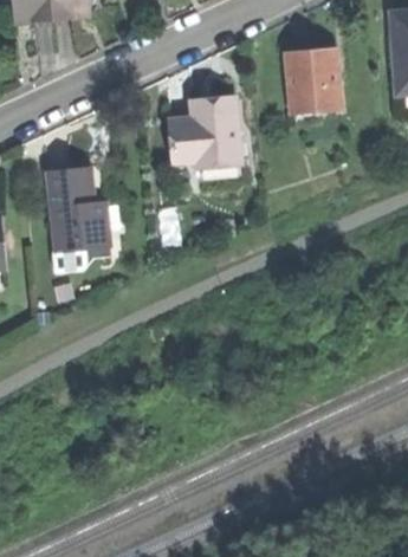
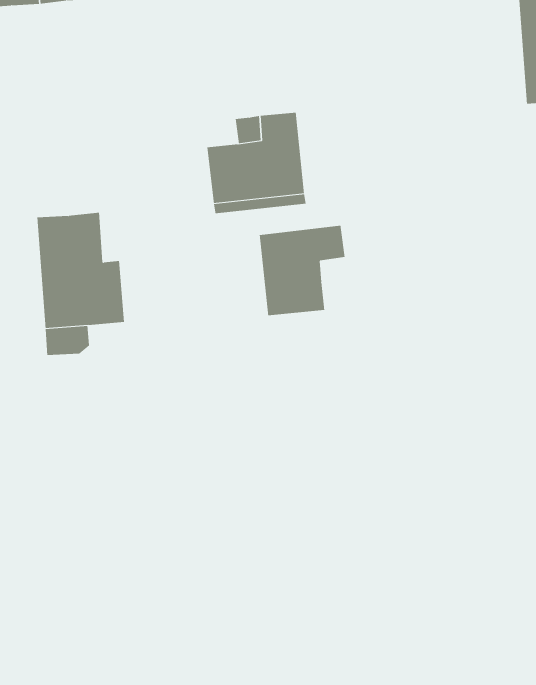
building: [289,48,338,117] -> none
building: none -> [259,225,345,316]

